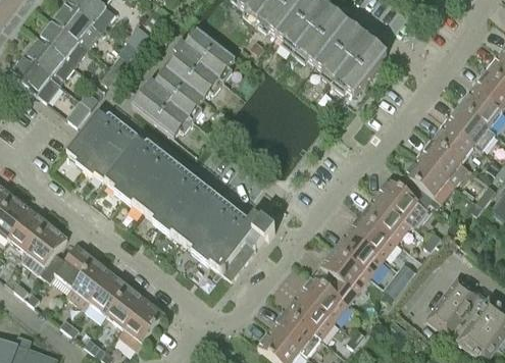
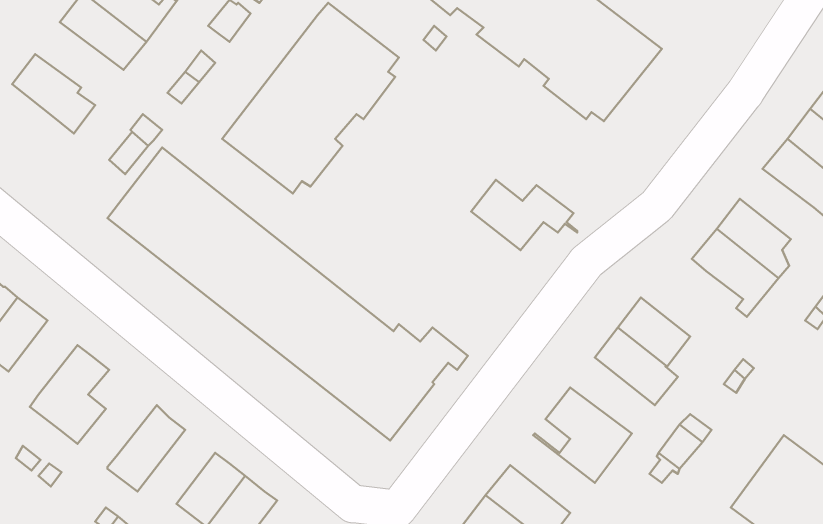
building: [26,37,77,79] -> none
building: [433,121,475,162] -> none
building: [375,177,437,218] -> [471,180,577,250]
building: [10,209,50,252] -> none
building: [335,230,384,274] -> none
building: [50,245,96,288] -> none
building: [85,272,130,315] -> none
building: [300,275,349,320] -> none

